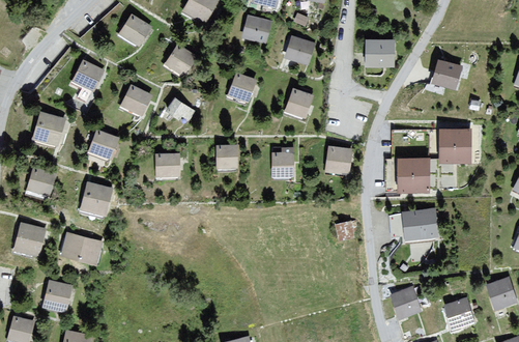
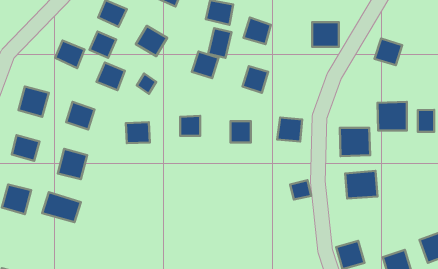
building: none -> [208,28,231,58]
building: none -> [89,32,116,58]
building: none -> [418,110,434,132]
building: [42,280,73,312] -> none

